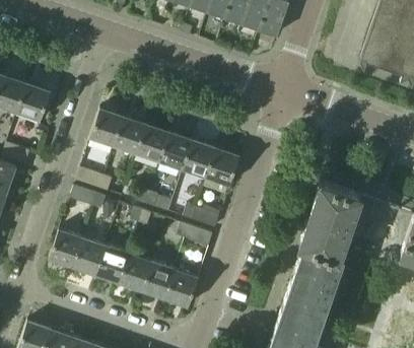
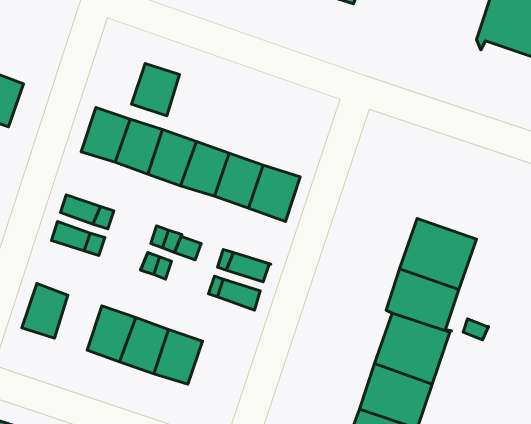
building: none -> [131,63,180,116]
building: [72,236,105,274] -> none
building: [163,268,199,306] -> none

